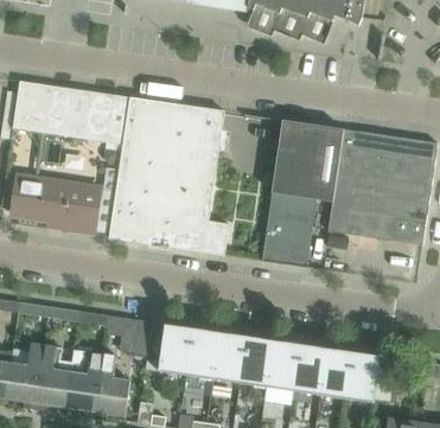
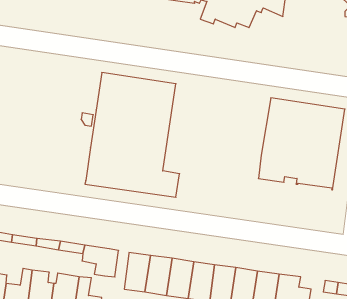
building: [12,81,129,143] -> none
building: [261,119,343,266] -> none
building: [11,175,115,232] -> none

